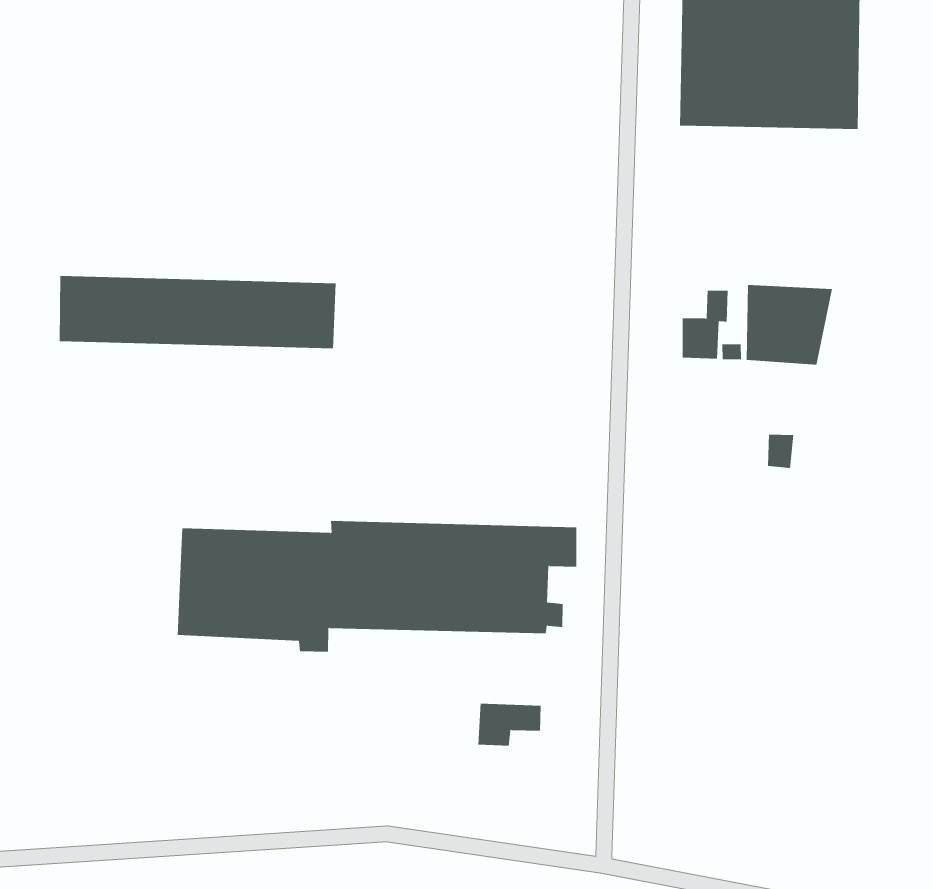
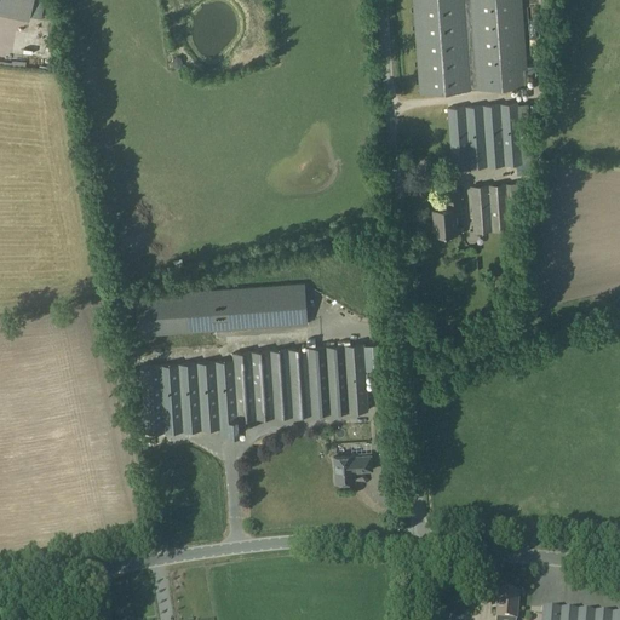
building: none -> [447,103,533,171]
building: [59,276,337,349] -> [136,285,306,337]

